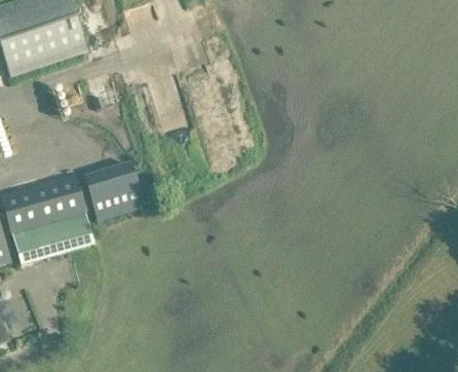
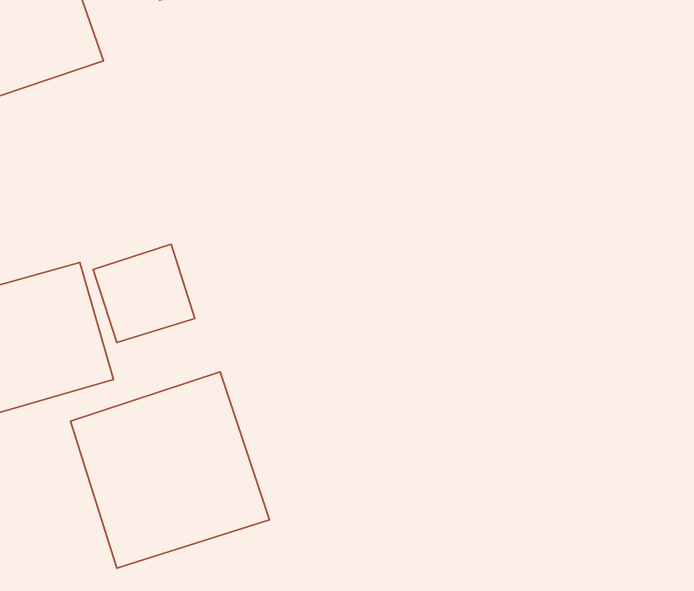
building: none -> [70,372,270,568]

